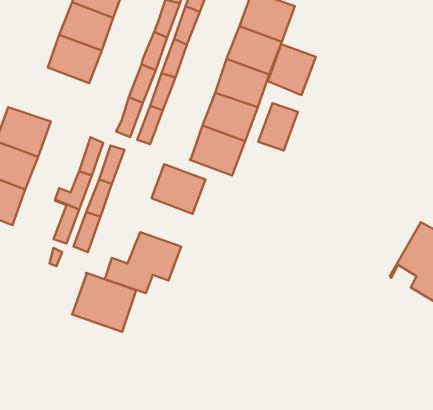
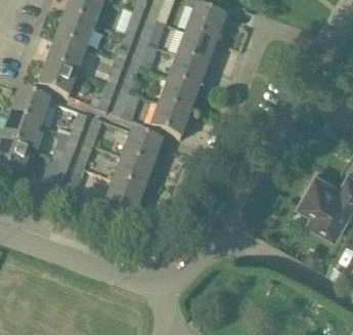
building: [268,44,316,95] -> none
building: none -> [39,58,78,95]
building: [258,103,298,151] -> none
building: none -> [115,153,152,187]
building: [72,273,136,332] -> none

